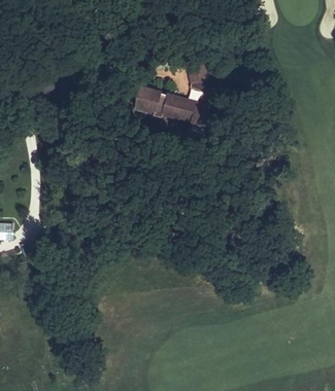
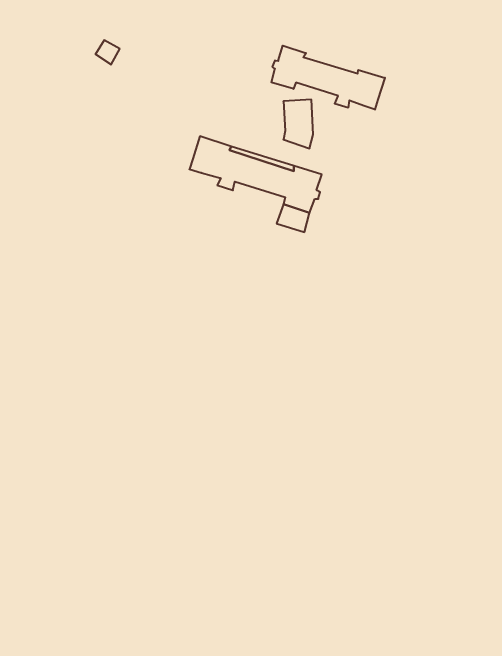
building: none -> [271,46,385,110]

